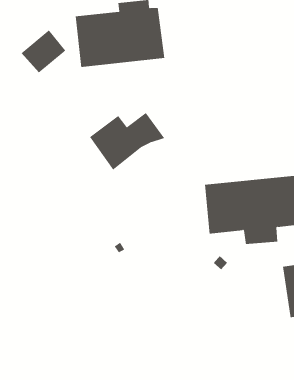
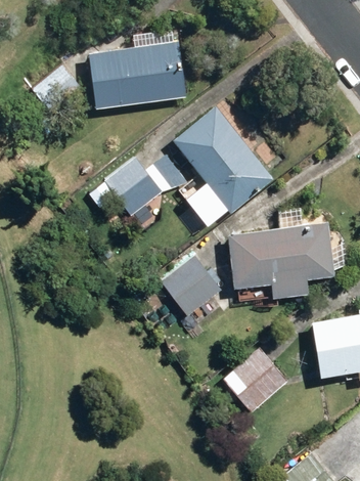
building: none -> [172,106,273,214]
building: none -> [160,257,221,318]
building: none -> [223,349,287,413]

